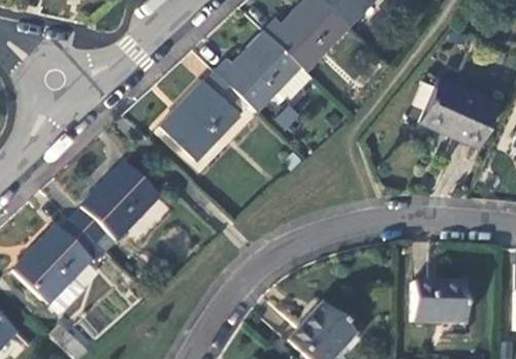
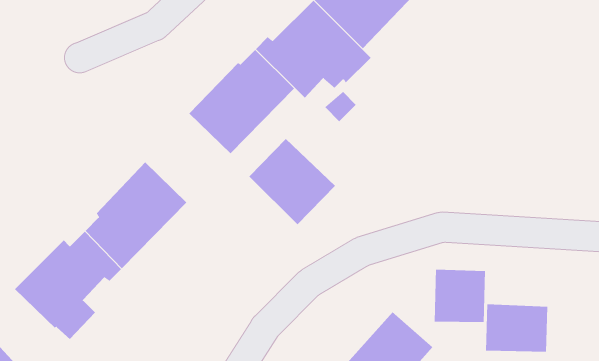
building: [424,78,501,145] -> none
building: none -> [248,138,336,225]
building: none -> [434,269,485,323]

